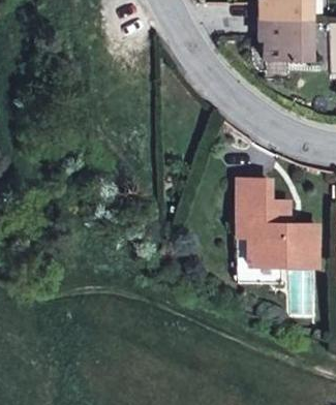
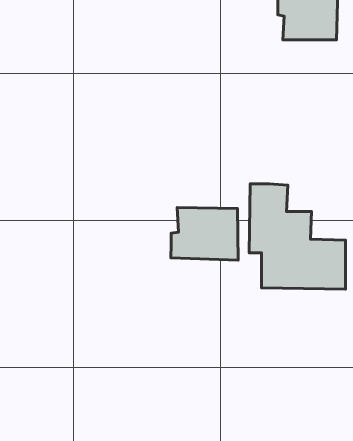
building: none -> [171,208,238,260]

